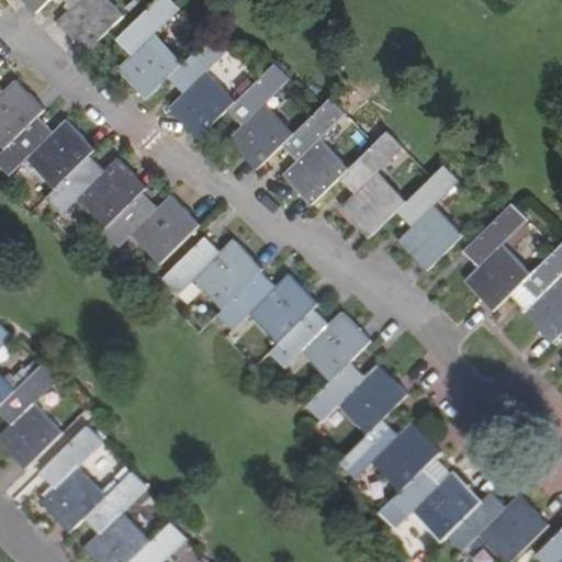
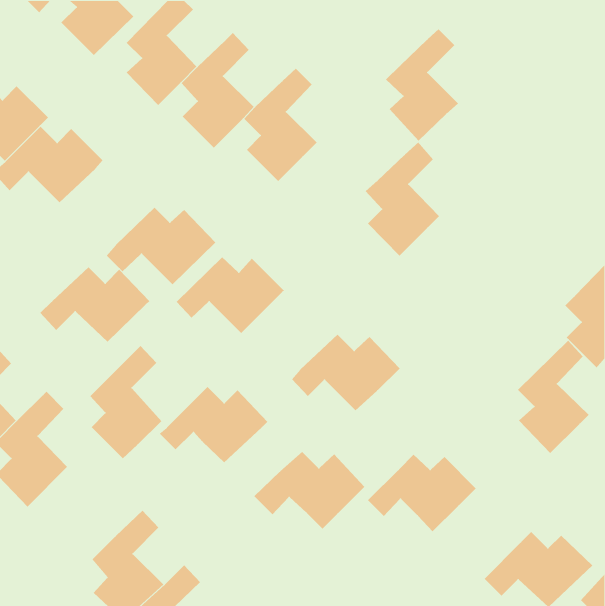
building: [280,99,348,203] -> [385,29,459,141]
building: [44,157,146,227] -> [40,267,150,343]
building: [395,166,462,270] -> none
building: [463,205,530,311] -> [517,340,590,454]
building: [216,271,317,342] -> [159,386,268,463]
building: [304,362,407,435] -> [253,451,365,530]
building: [40,426,106,531] -> [90,345,162,459]
building: [380,469,481,541] -> none

